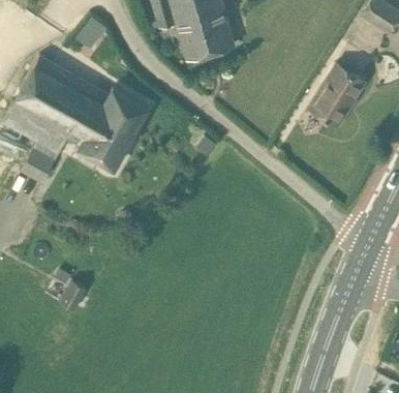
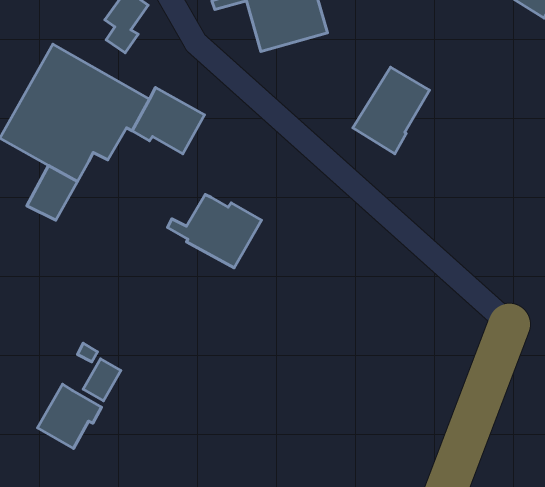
building: [311,64,366,126] -> [353,67,429,154]
building: [65,116,132,169] -> [168,194,262,268]
building: none -> [37,384,102,448]

